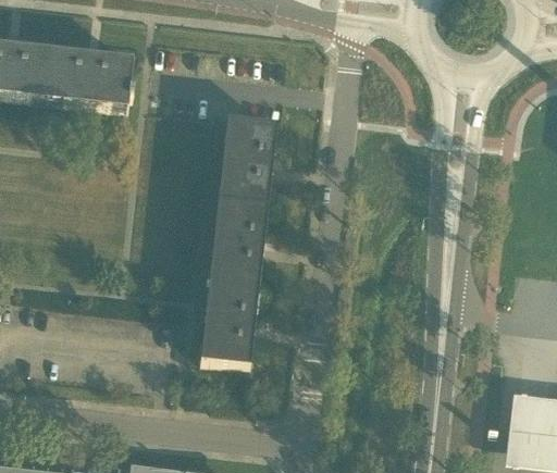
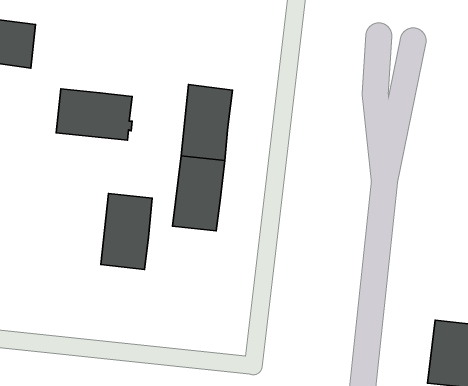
building: [47,48,134,107] -> [56,89,132,140]
building: [200,278,259,365] -> [101,193,152,269]

